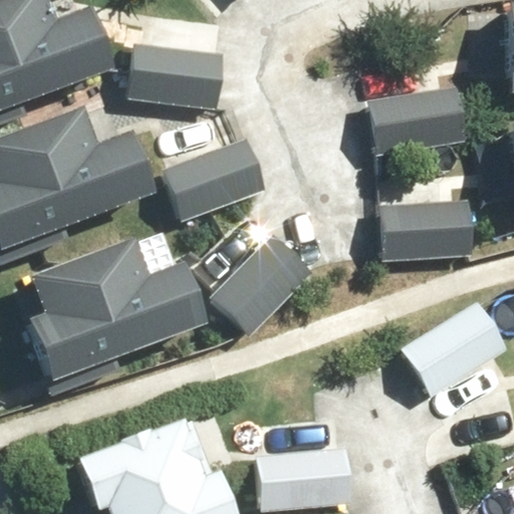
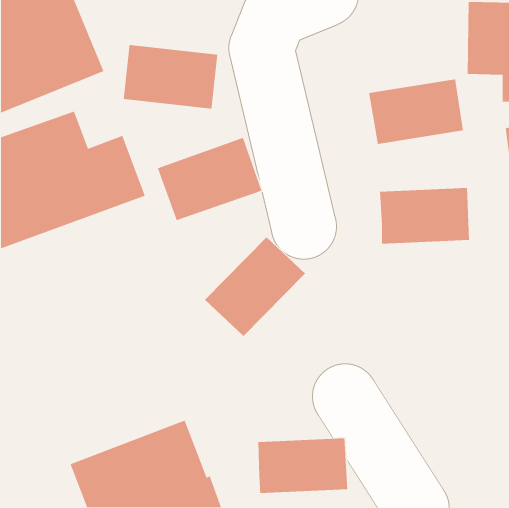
building: [24,240,202,384] -> none
building: [397,295,509,399] -> none

